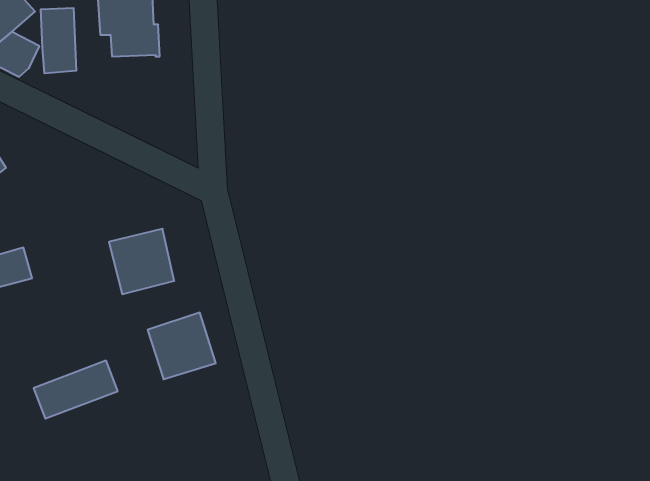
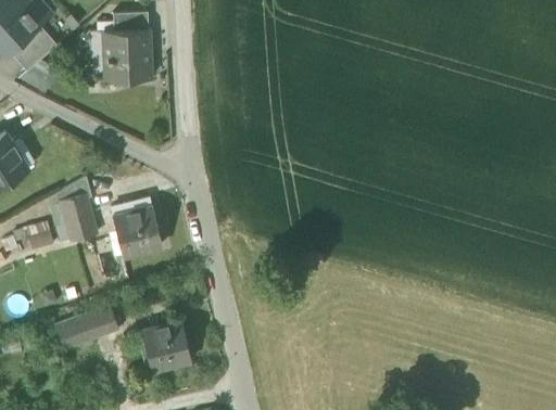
building: [41,8,76,73] -> none
building: none -> [56,179,93,242]
building: [148,313,216,379] -> [144,318,195,368]

